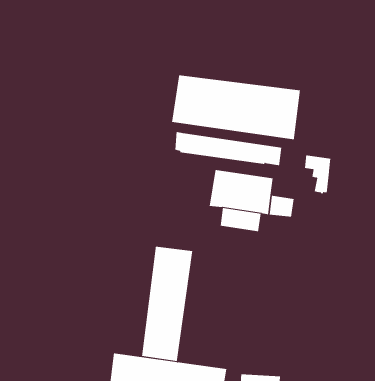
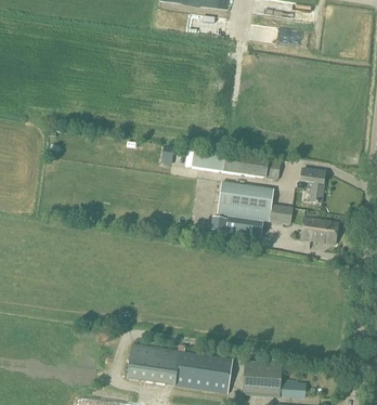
building: [171,74,301,140] -> none
building: none -> [301,217,338,244]
building: [141,246,193,362] -> none

